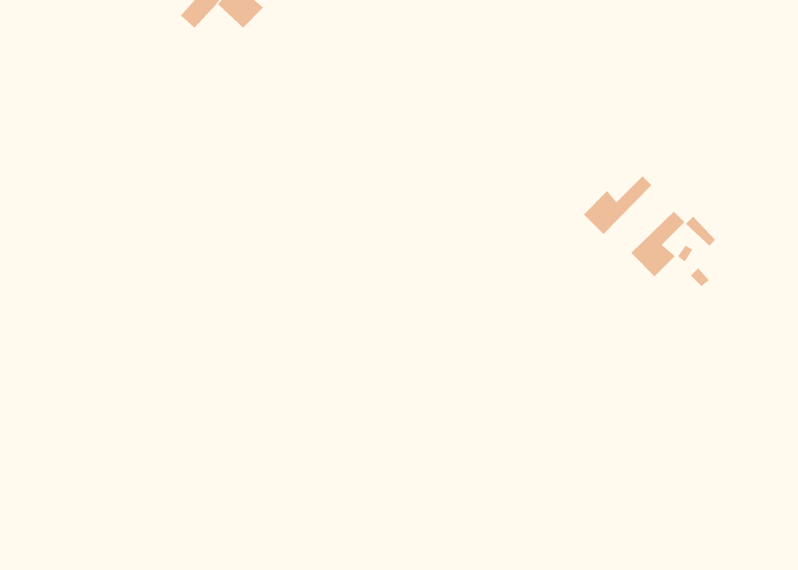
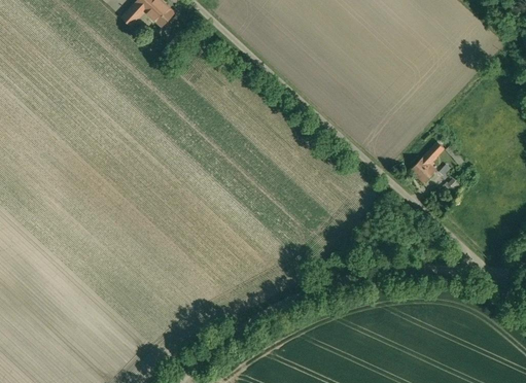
building: [583,175,652,235] -> none

